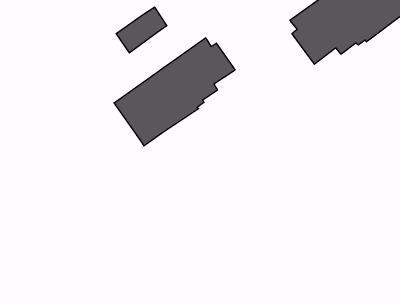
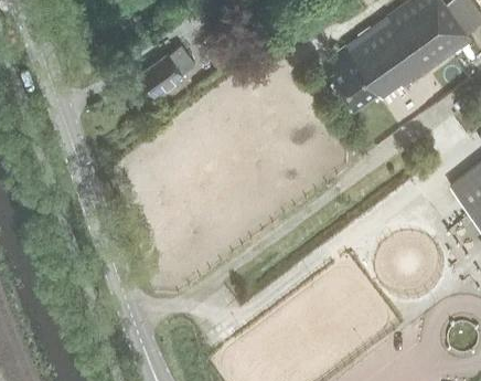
building: [114,38,235,146] -> none

